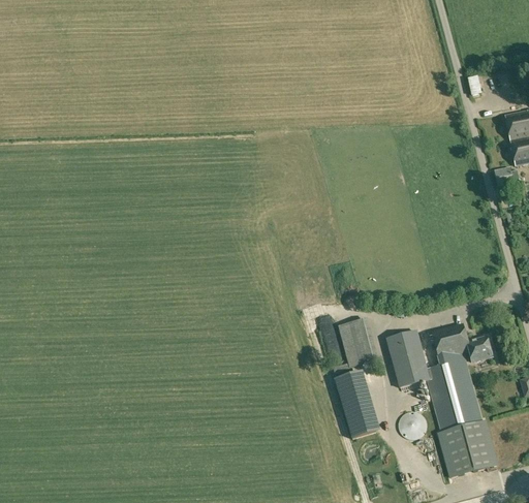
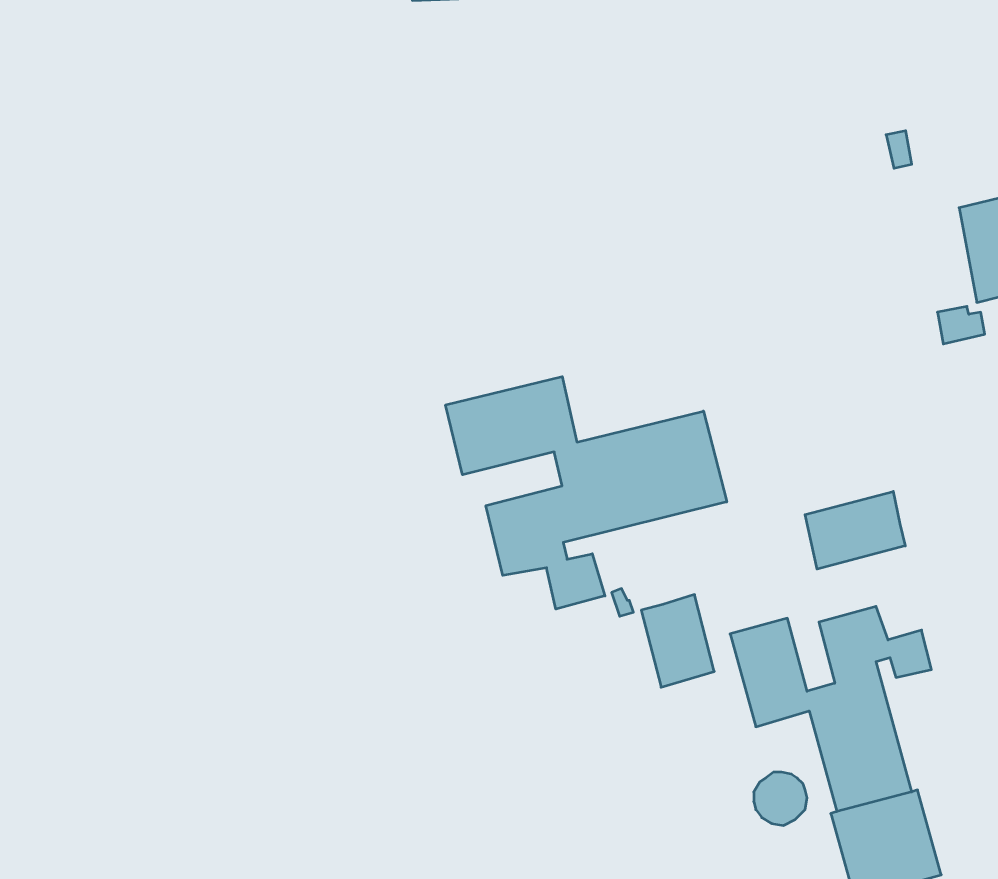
building: none -> [446,377,727,609]
building: none -> [805,491,905,569]
building: [336,365,380,433] -> none

